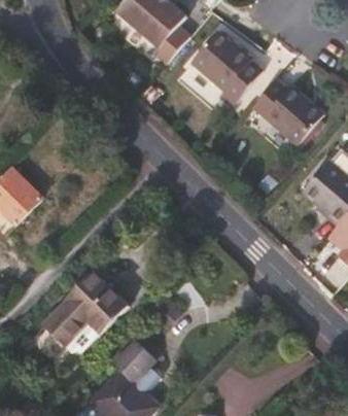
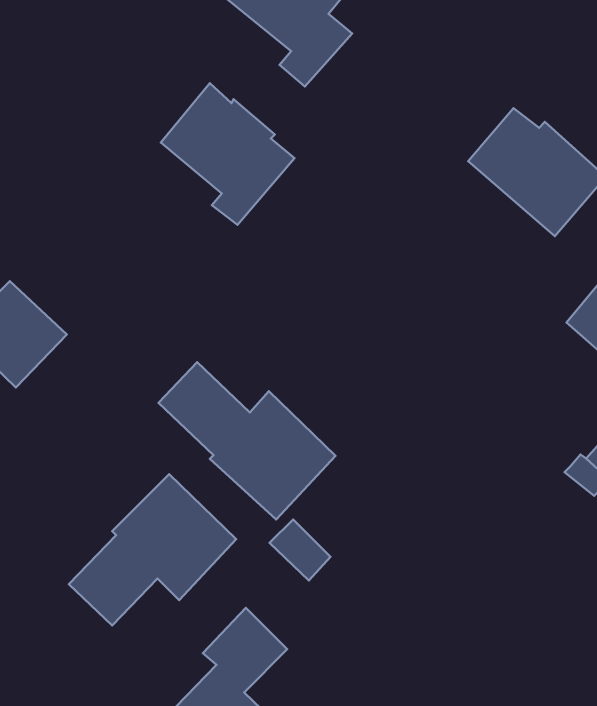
building: [192,32,262,106] -> [161,83,295,225]
building: none -> [158,362,336,520]

